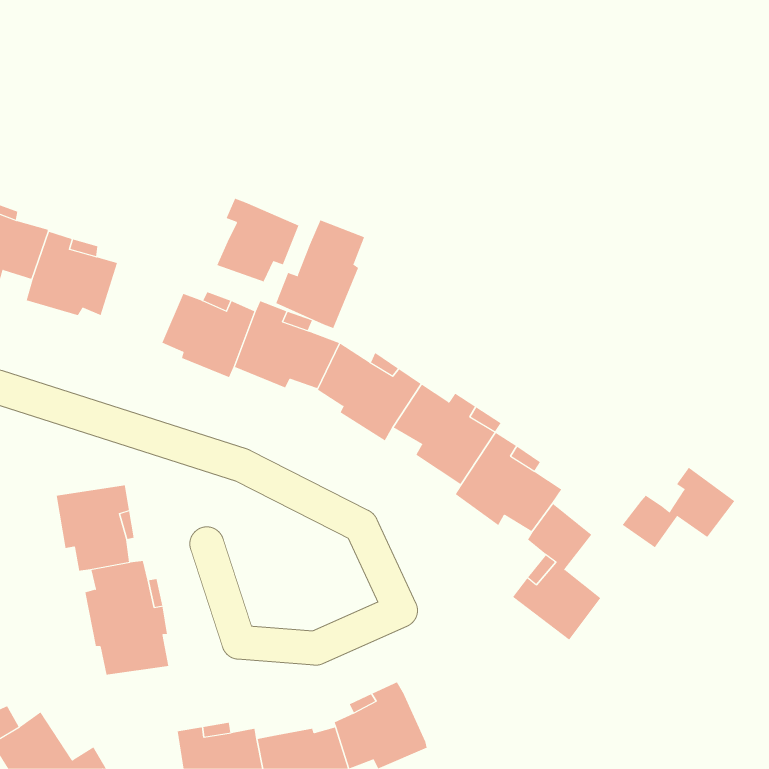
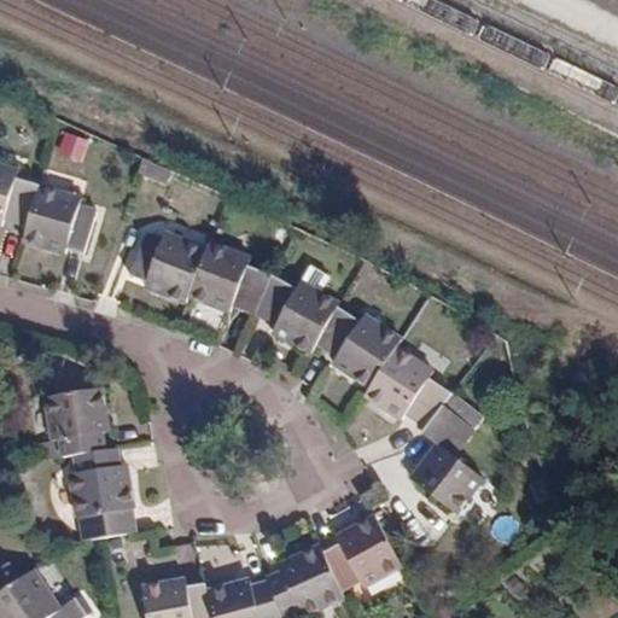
building: [216,198,299,283] -> none
building: [275,220,365,329] -> none
building: [622,467,735,548] -> none
building: none -> [322,515,400,593]

